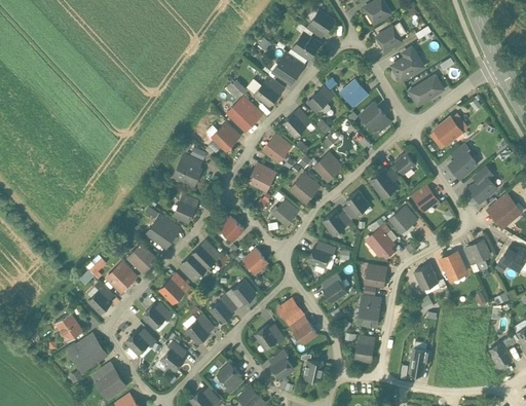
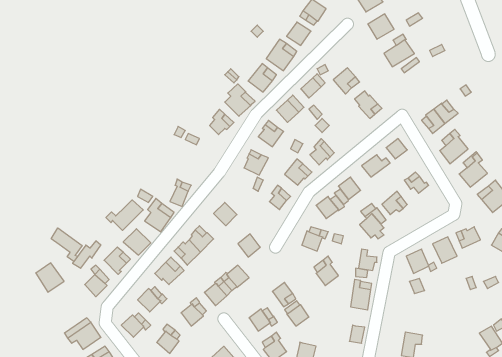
building: [408,76,438,106] -> none
building: [174,154,201,186] -> none
building: none -> [106,200,143,230]
building: none -> [51,228,82,261]
building: [54,312,83,342] -> [36,263,64,292]

